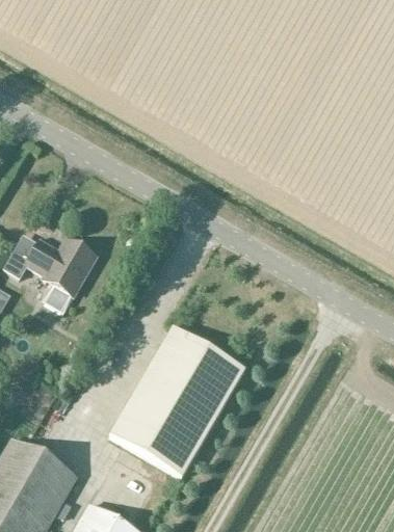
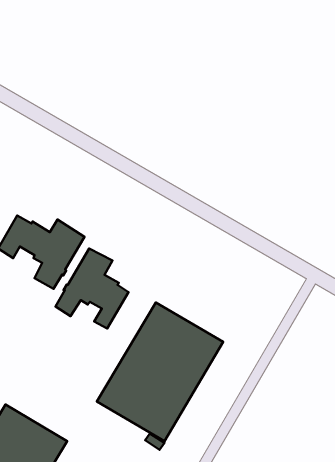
building: none -> [55,249,129,328]

